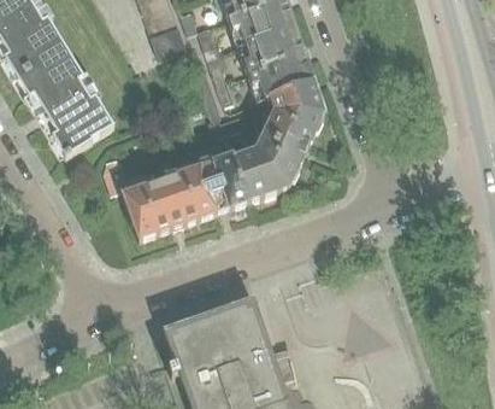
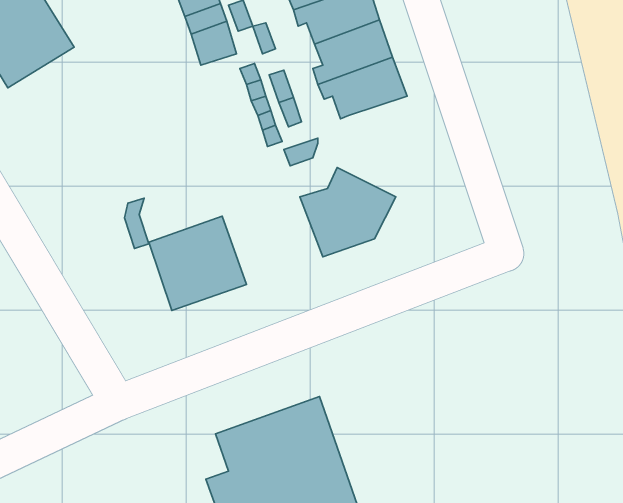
building: [18,43,116,153] -> none
building: [263,80,325,154] -> none
building: [177,150,252,220] -> none

